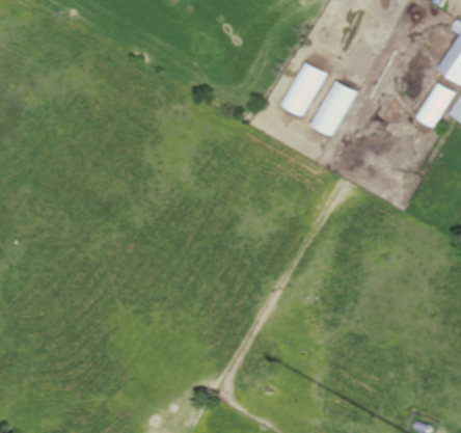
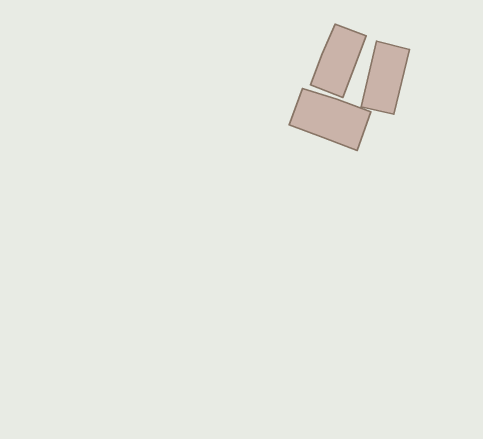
building: none -> [289,88,371,150]

